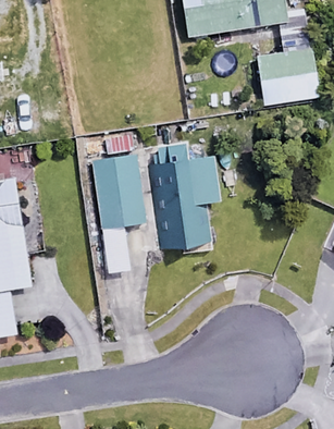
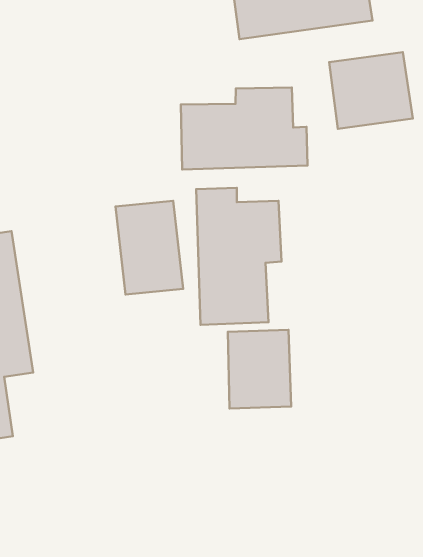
building: none -> [181,88,307,169]
building: none -> [228,330,291,409]

